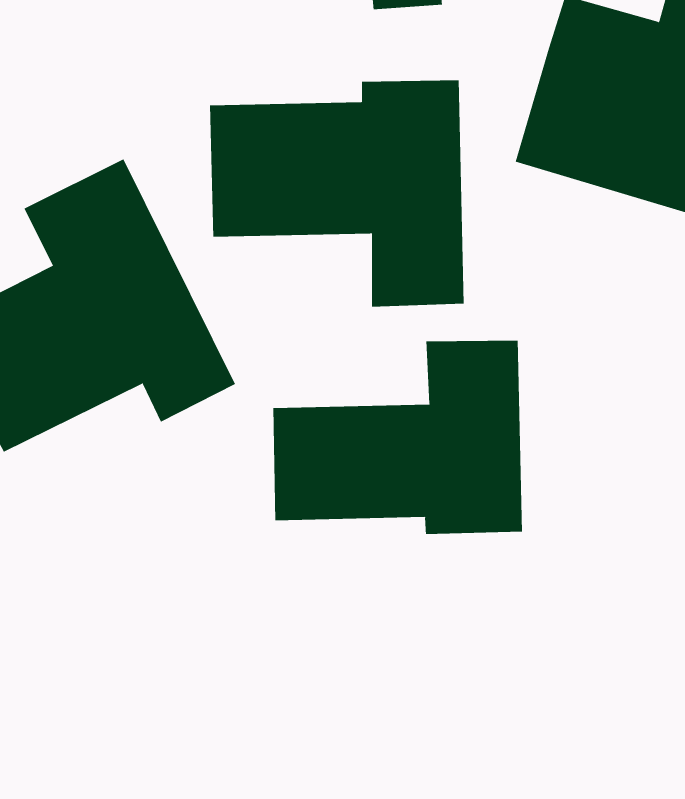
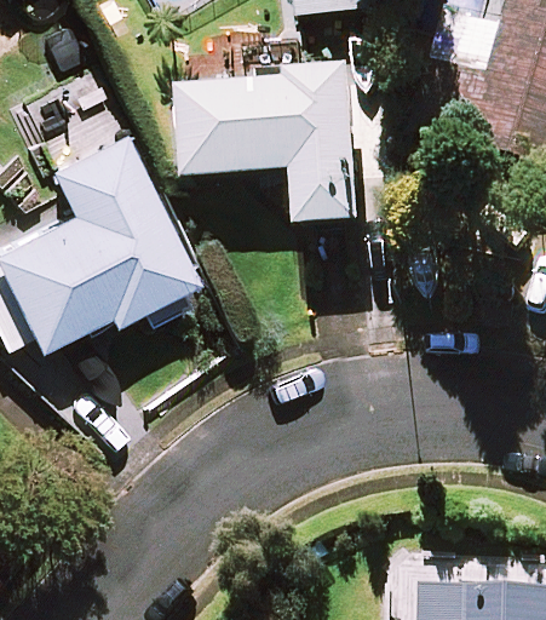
building: [273,340,522,535] -> none

